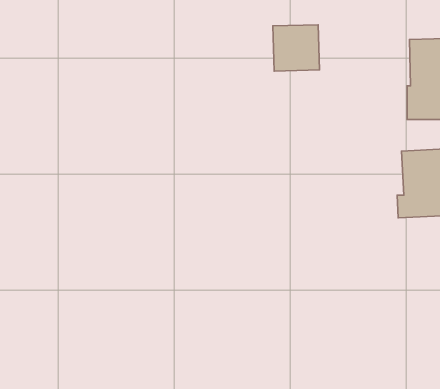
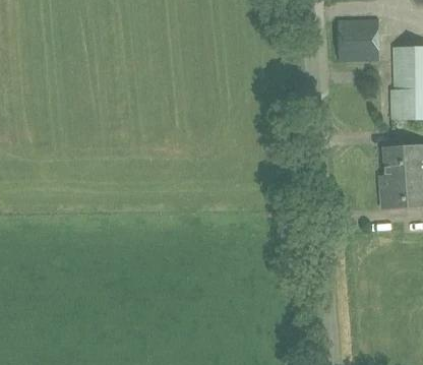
building: [273,25,319,71] -> [338,19,379,61]

